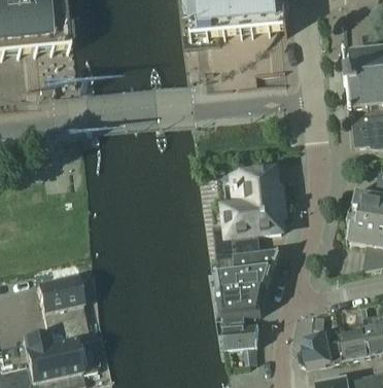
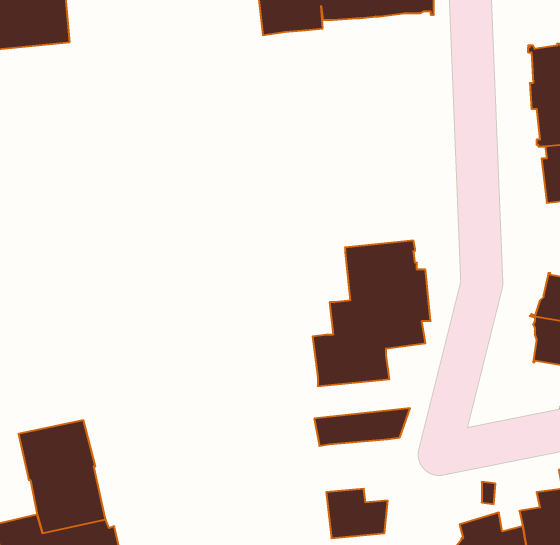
building: [214,250,279,276] -> none
building: [221,288,262,316] -> none

